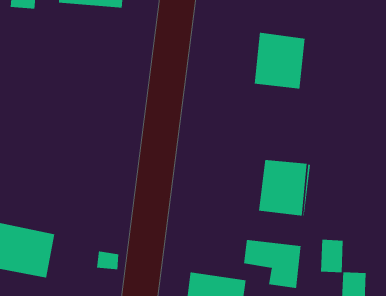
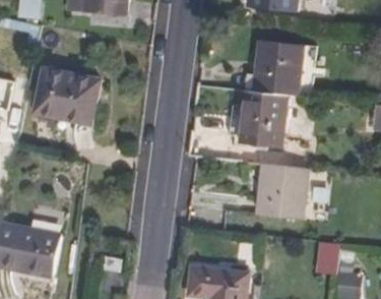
building: none -> [36,68,98,121]
building: none -> [241,89,287,145]
building: [243,239,301,289] -> none

